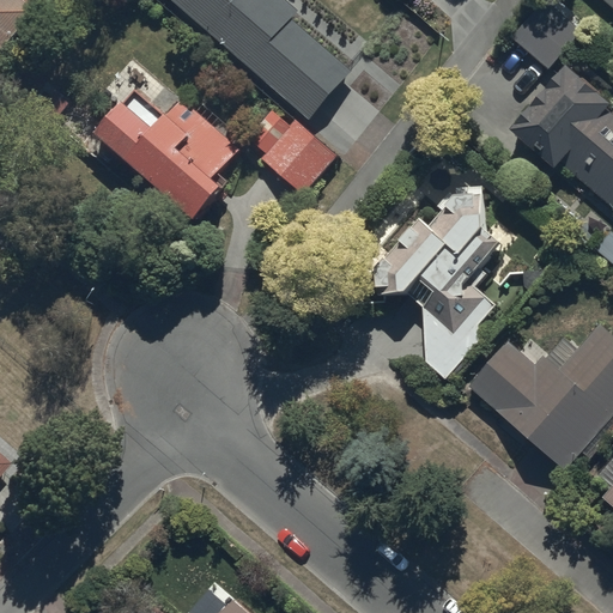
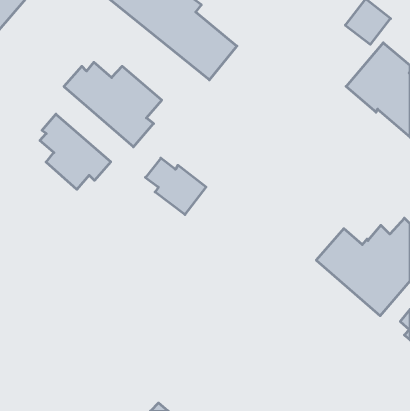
building: [245,108,335,192] -> [145,158,206,215]
building: none -> [40,114,111,189]
building: [376,192,500,378] -> none

